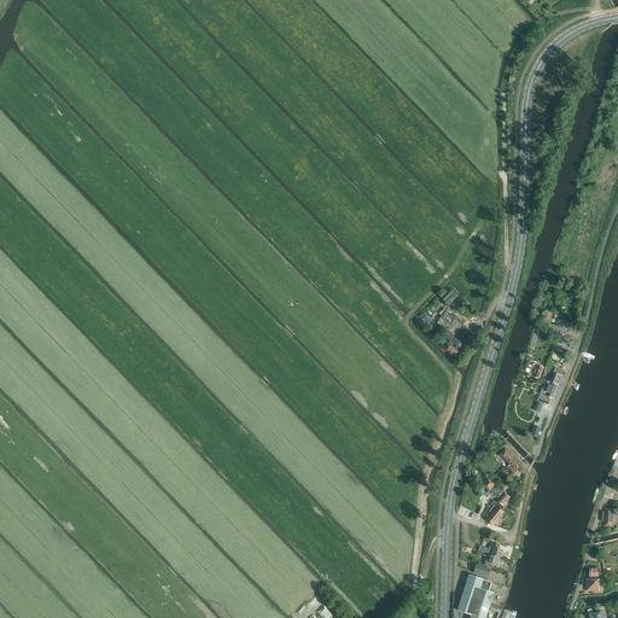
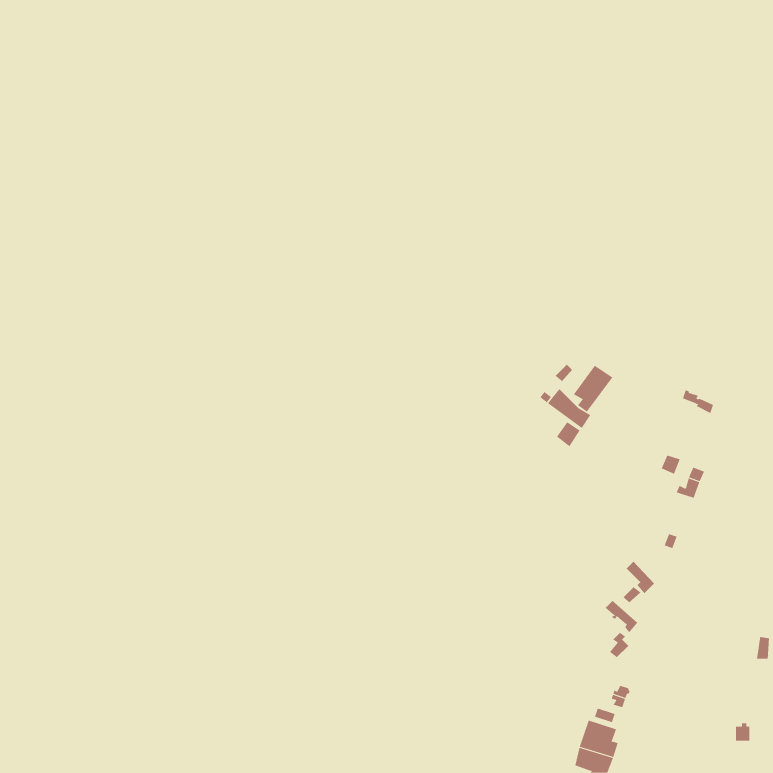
building: none -> [573,365,613,413]

